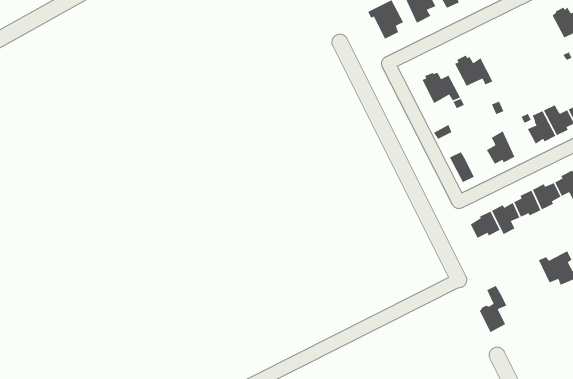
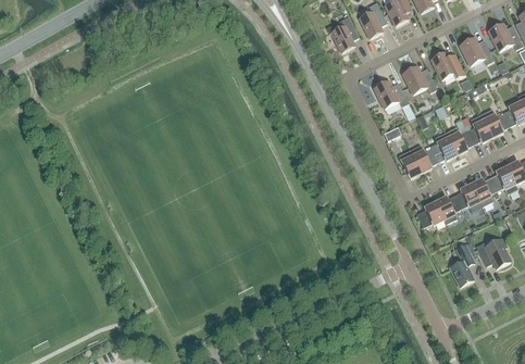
building: none -> [459,37,493,65]
building: none -> [430,51,464,79]
building: none -> [445,127,473,155]
building: none -> [408,145,437,173]
building: [479,285,507,333] -> [449,244,474,287]

